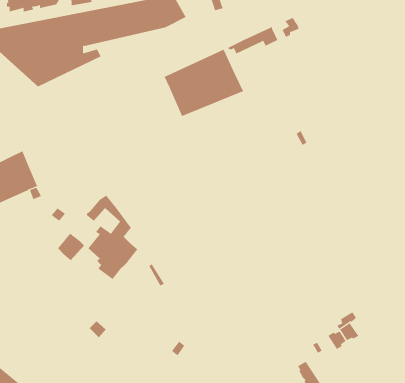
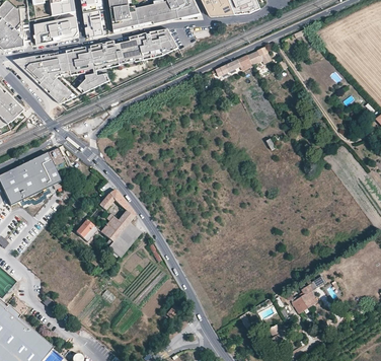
building: [164,49,244,117] -> none

